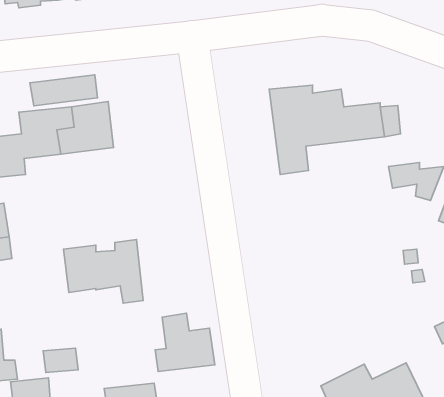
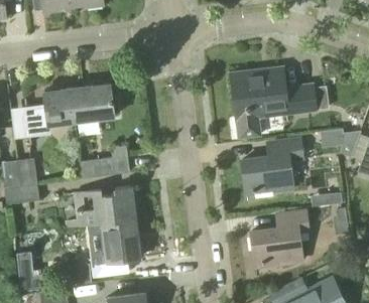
building: [30,75,97,106] -> [80,155,130,178]
building: none -> [242,136,304,198]
building: none -> [251,208,310,263]
building: [155,313,215,371] -> [97,219,141,263]

